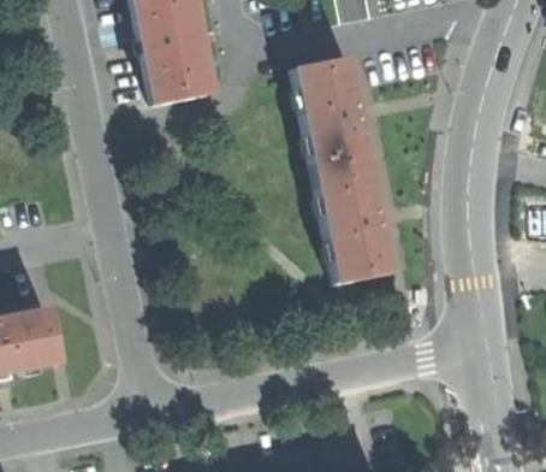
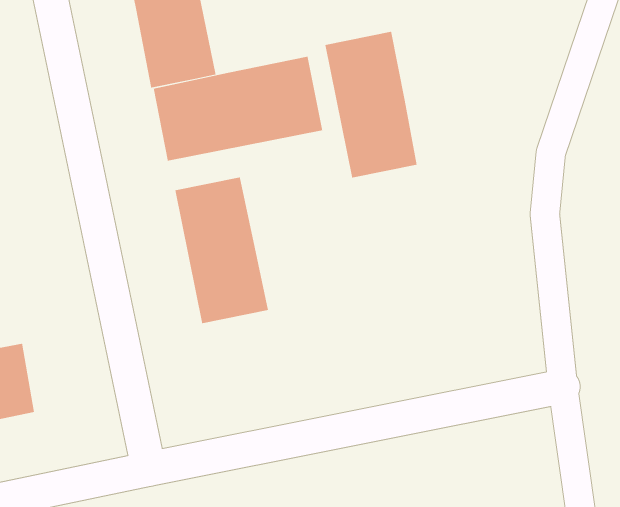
building: none -> [153,56,323,162]
building: [319,164,394,282] -> [175,177,269,324]

